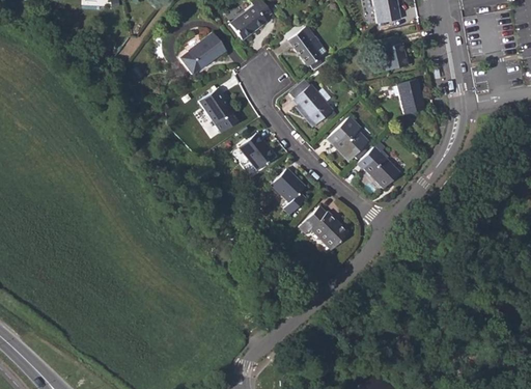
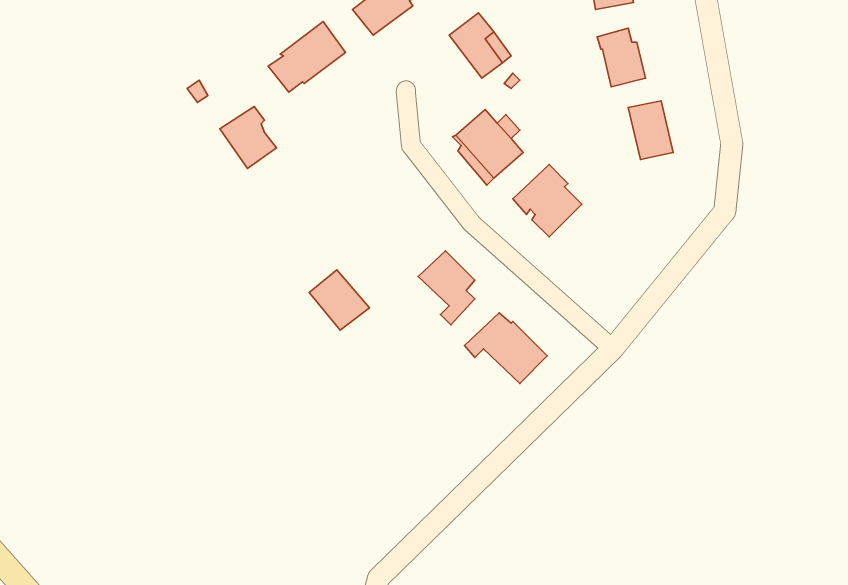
building: [199,87,233,124] -> [220,107,277,169]
building: [240,134,276,170] -> [309,270,370,330]
building: [359,143,400,189] -> none

